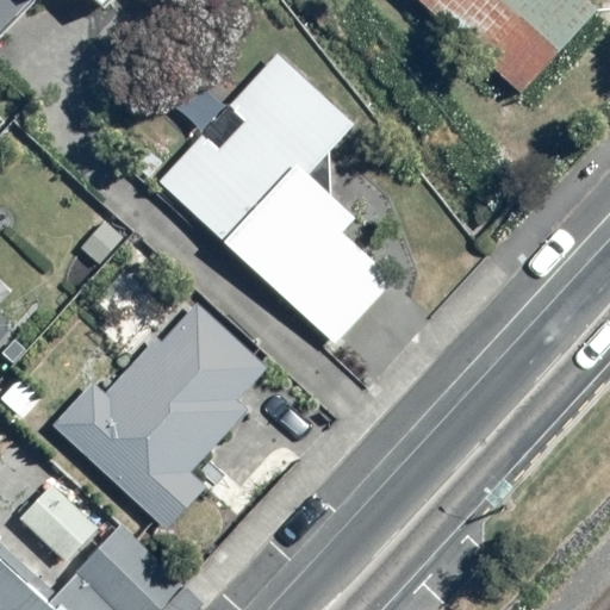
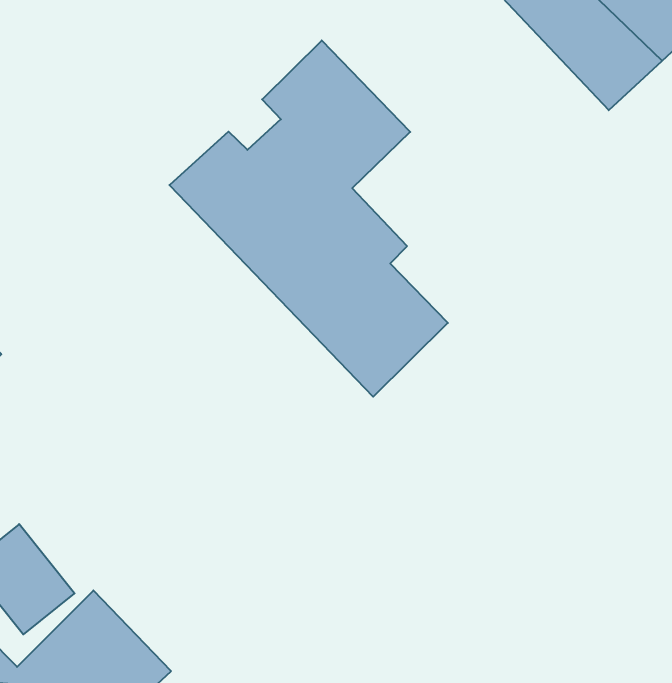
building: [55,301,266,527] -> none

